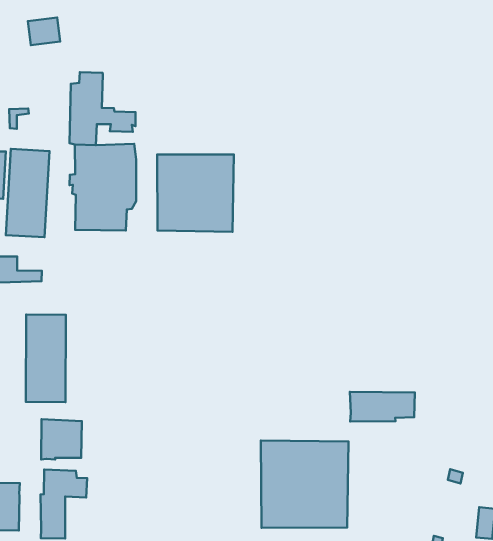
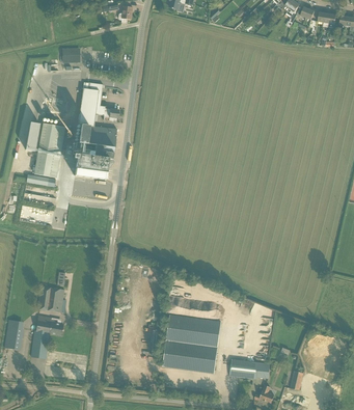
building: [157,154,234,232] -> none
building: [26,314,66,402] -> none
building: [350,392,415,422] -> [229,357,270,378]

